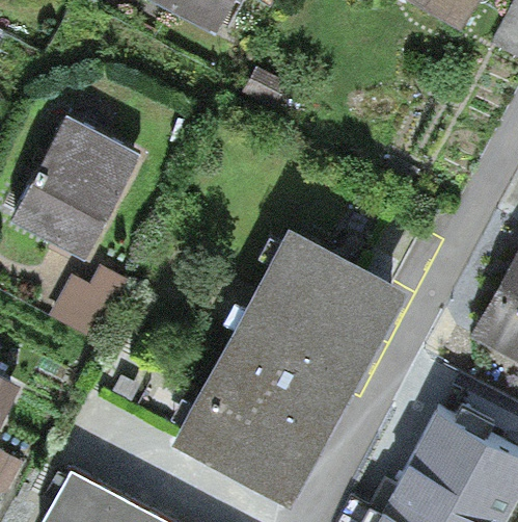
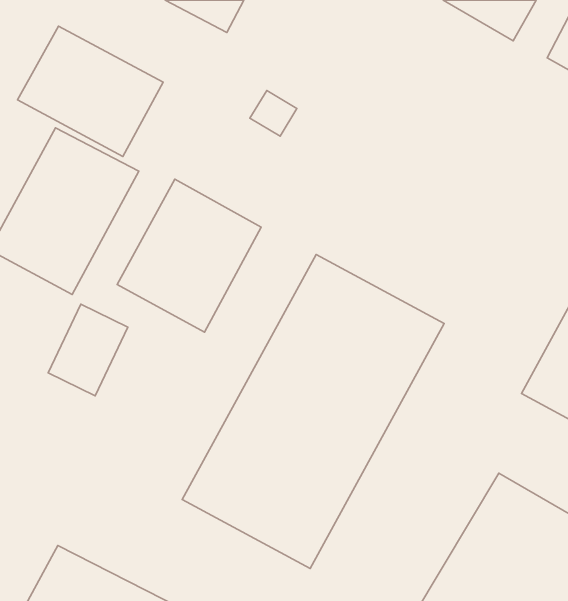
building: none -> [18,26,163,156]
building: none -> [117,179,261,332]

